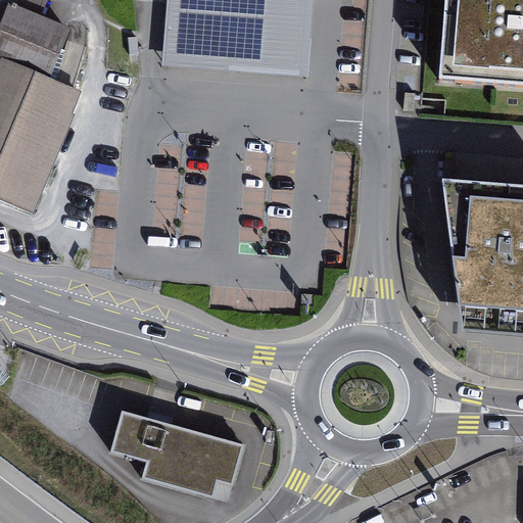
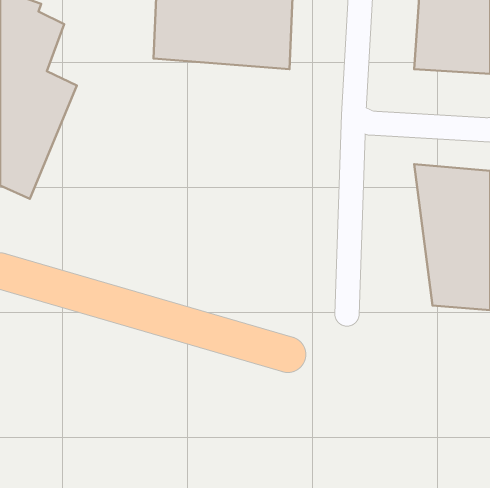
building: [110,410,245,501] -> none

